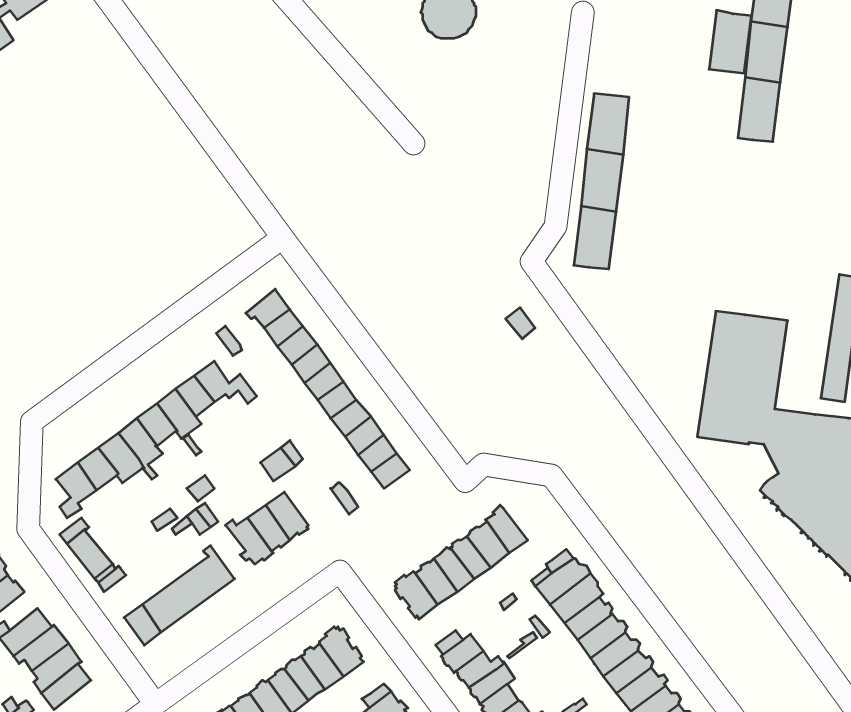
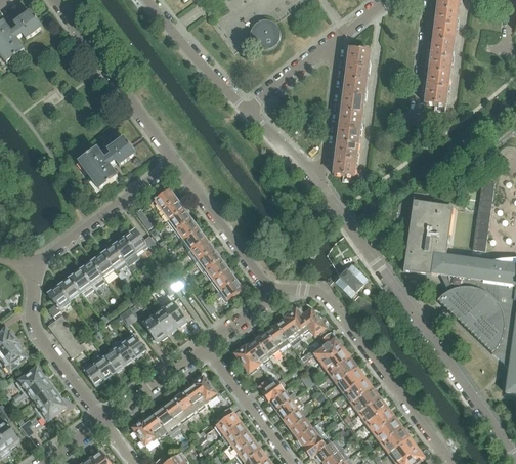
building: [709,10,751,73] -> [345,46,369,81]
building: none -> [78,137,134,188]
building: none -> [335,264,367,296]
building: none -> [295,305,326,336]

